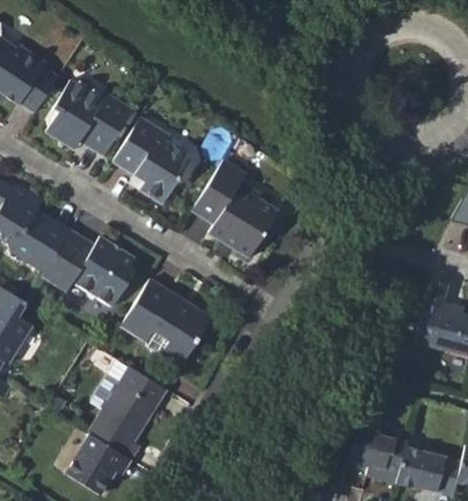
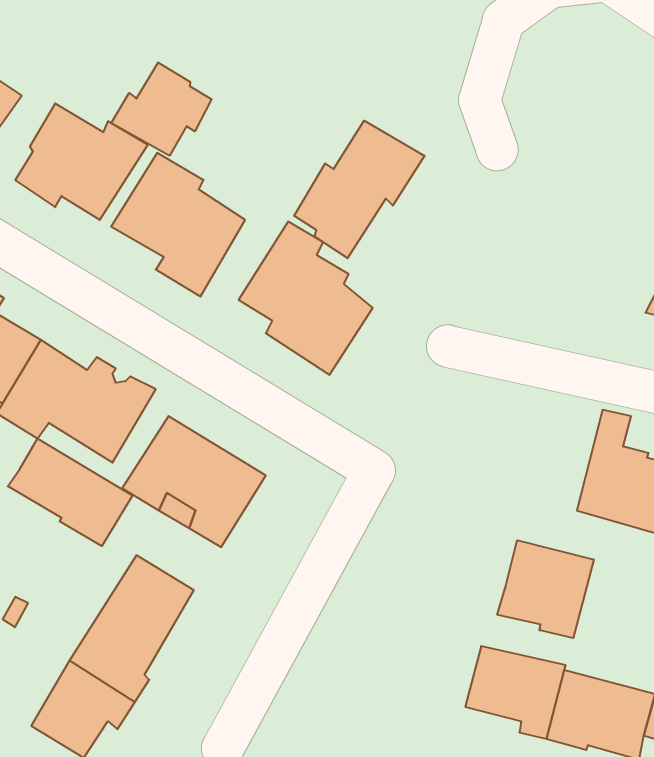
building: none -> [111,62,212,156]
building: none -> [294,121,425,258]
building: none -> [8,439,132,546]
building: none -> [497,540,594,638]

